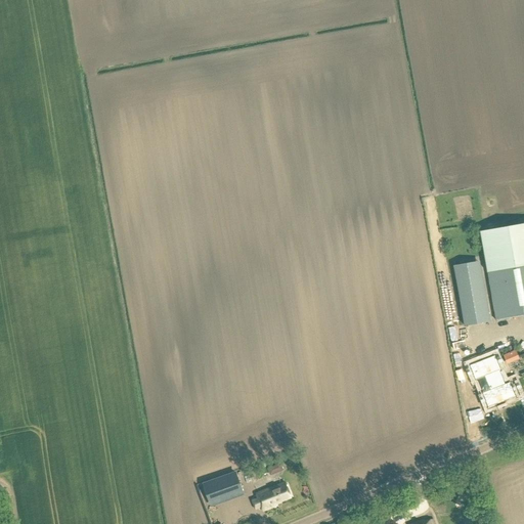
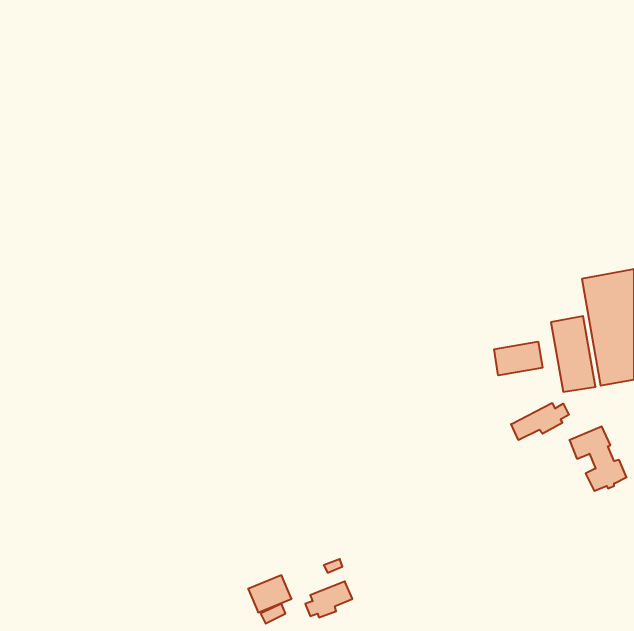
building: none -> [494,342,542,375]
building: none -> [511,403,569,440]

